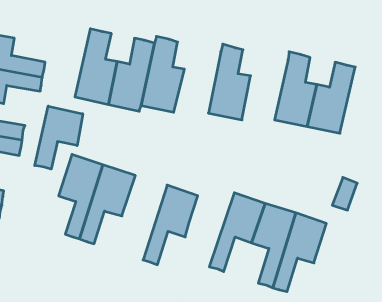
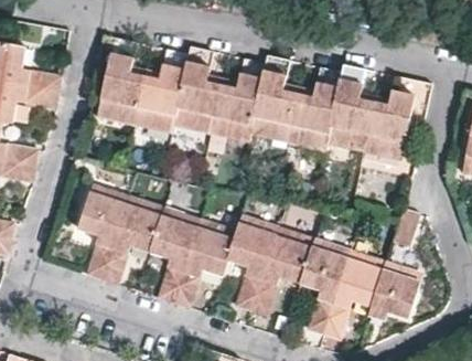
building: none -> [210,59,264,141]
building: none -> [288,67,341,150]
building: [35,106,83,169] -> none
building: none -> [150,206,202,304]
building: none -> [227,214,279,311]
building: none -> [367,262,422,321]

